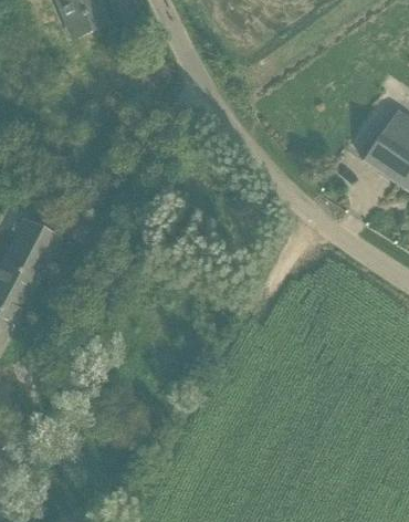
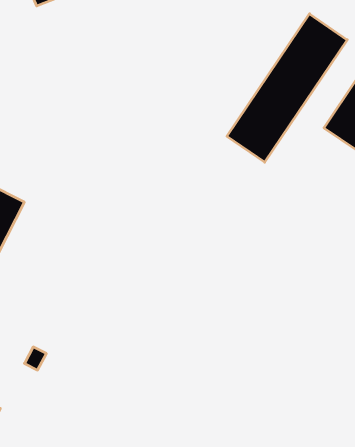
building: none -> [227,14,347,162]

